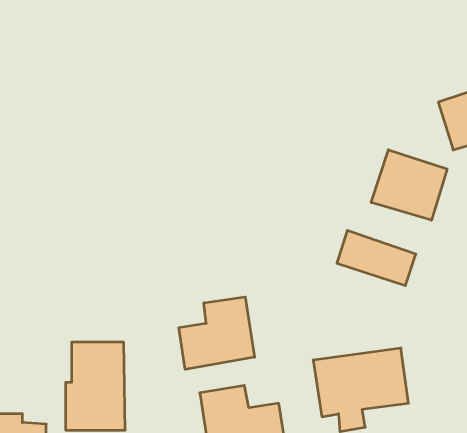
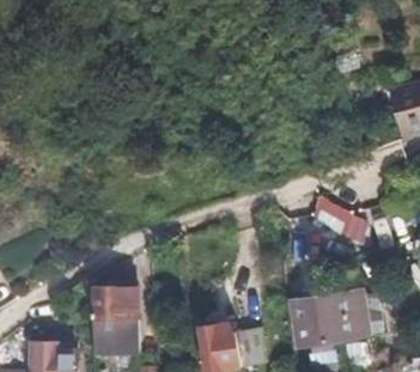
building: [371,150,447,220] -> none
building: [179,297,255,369] -> none

